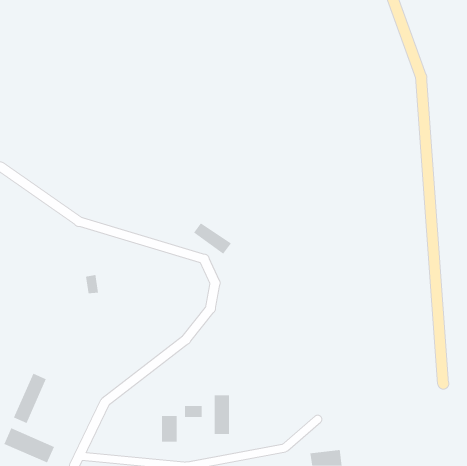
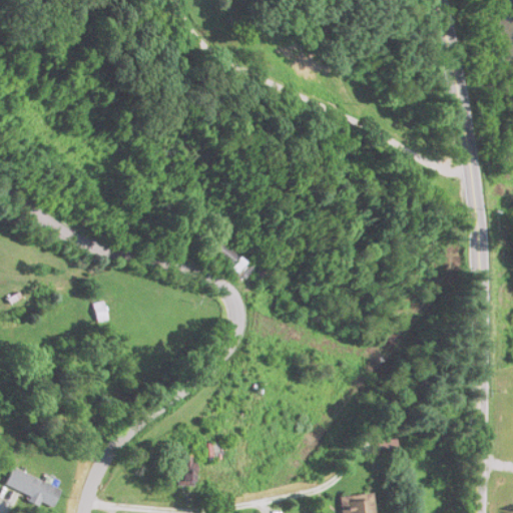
building: [13,373,47,424] -> none
building: [214,395,230,435] -> none

